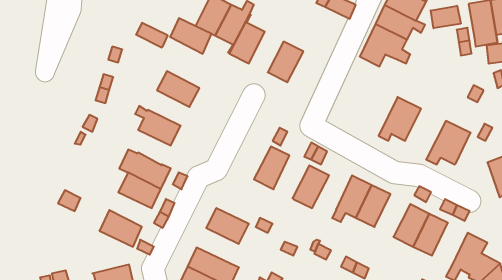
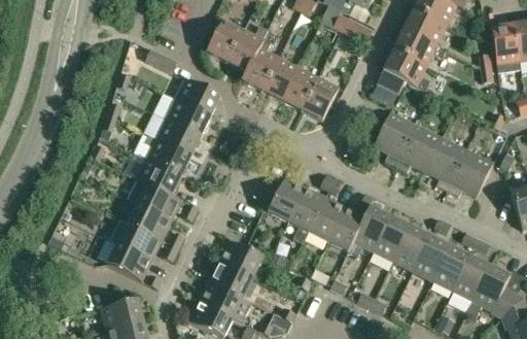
building: [431,6,461,28] -> none
building: [170,18,212,54] -> [176,78,219,115]
building: none -> [261,57,297,99]
building: none -> [302,77,338,120]
building: none -> [374,111,416,165]
building: none -> [156,117,200,155]
building: none -> [424,137,466,190]
building: none -> [136,159,180,196]
building: none -> [287,185,324,242]
building: none -> [327,192,374,250]
building: none -> [109,219,161,260]
building: none -> [392,226,429,270]
building: none -> [452,256,489,300]
building: none -> [207,261,251,298]

